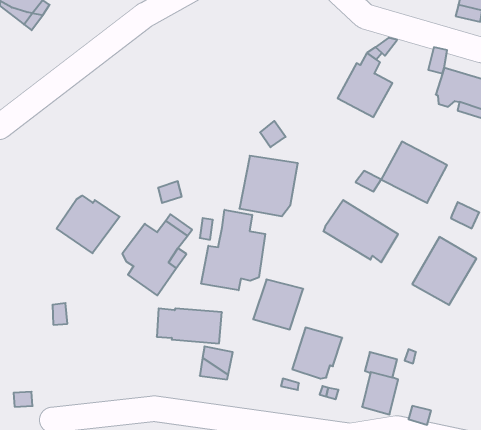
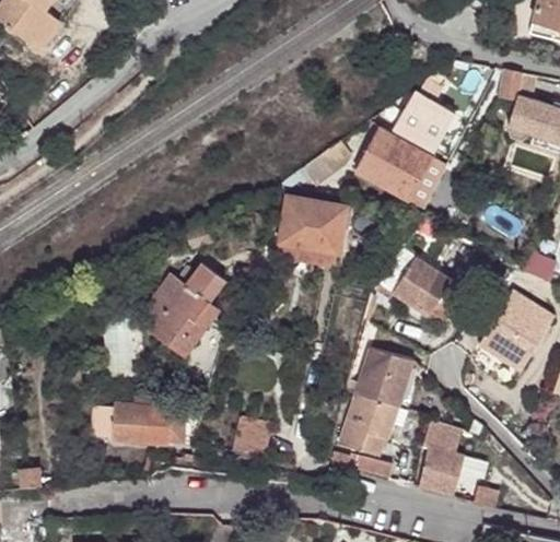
building: [381,142,447,203] -> [355,129,432,200]
building: [57,196,120,253] -> none
building: [201,210,265,290] -> none
building: [253,279,303,329] -> [355,349,413,406]
building: [157,308,222,343] -> [94,404,170,445]

